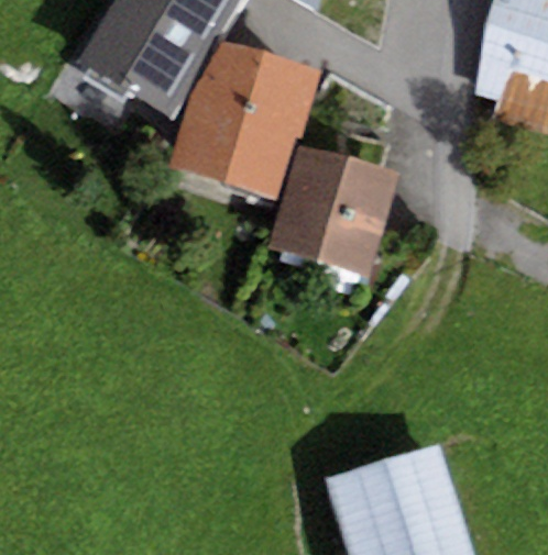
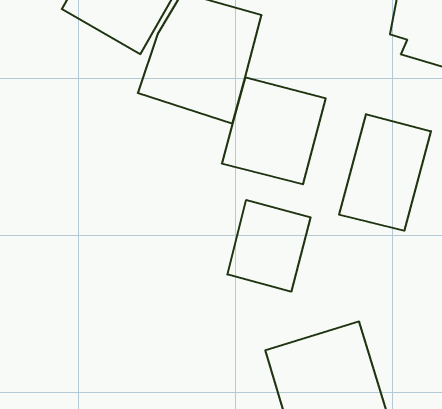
building: none -> [339,114,431,231]
building: none -> [227,200,311,292]

